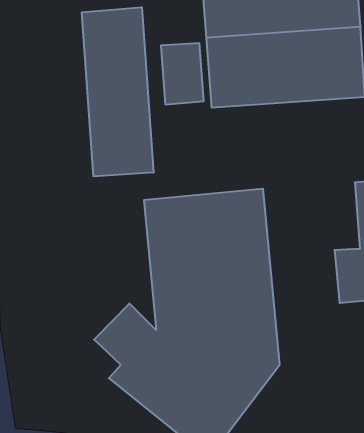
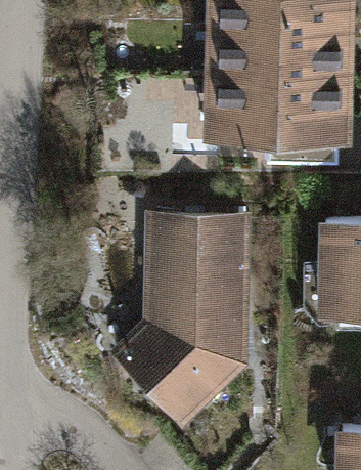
building: [82,7,154,176] -> none

